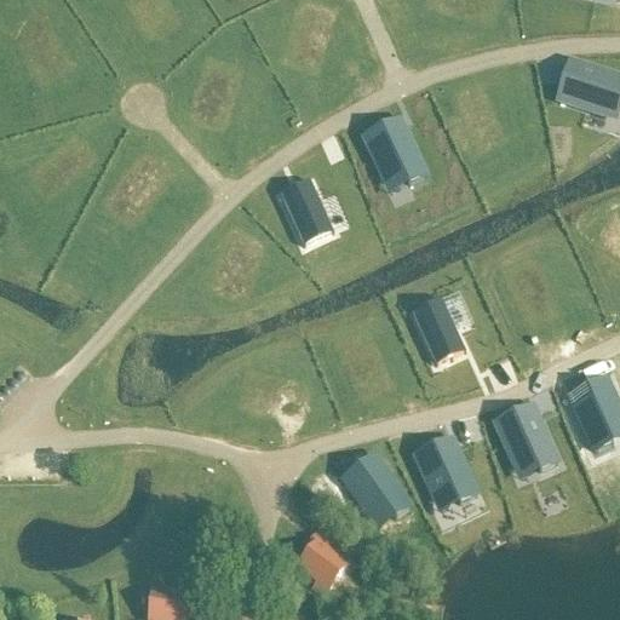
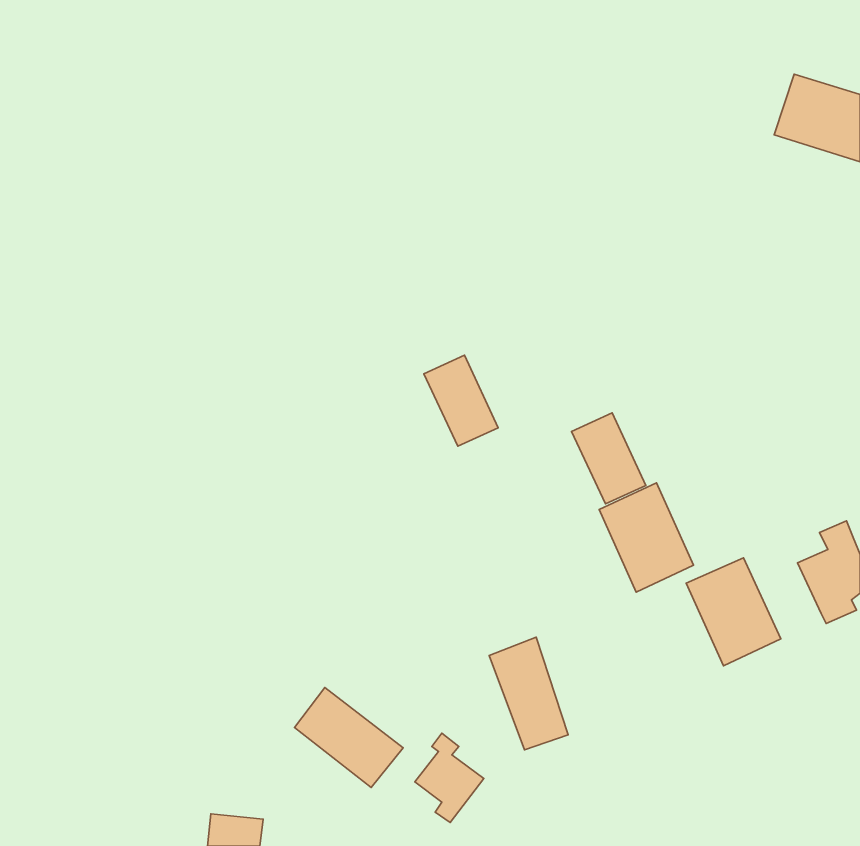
building: [360,111,427,189] -> none
building: [280,178,333,243] -> [424,355,498,446]
building: [412,432,480,511] -> [599,483,694,592]
building: none -> [294,687,403,787]

